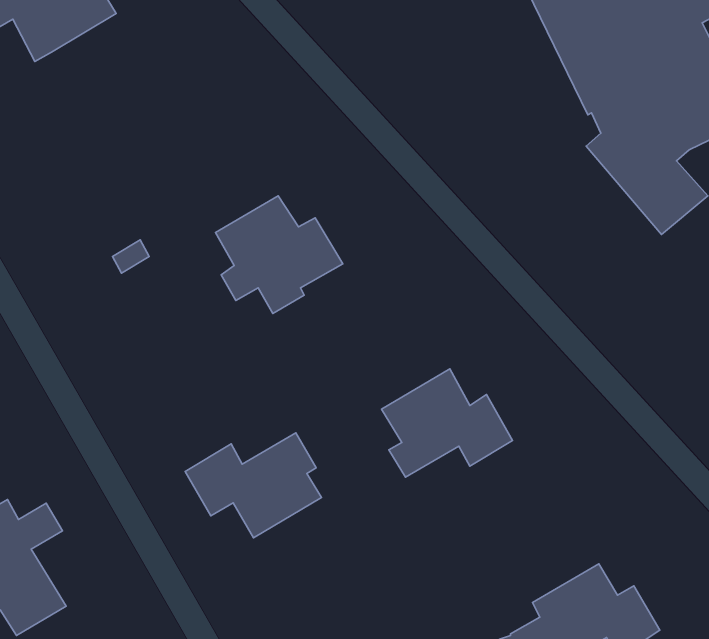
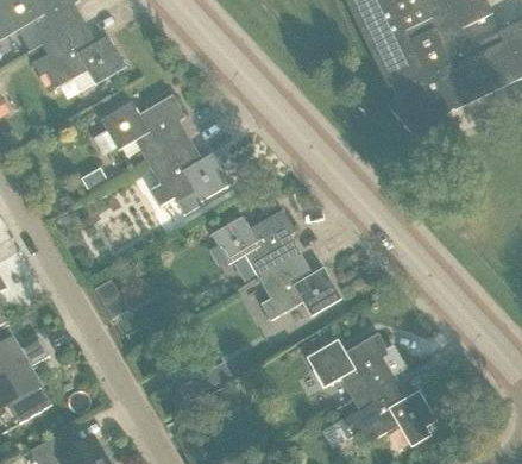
building: none -> [33,20,125,88]
building: none -> [102,94,189,162]
building: [185,433,322,538] -> [212,208,300,276]
building: none -> [303,332,408,401]

